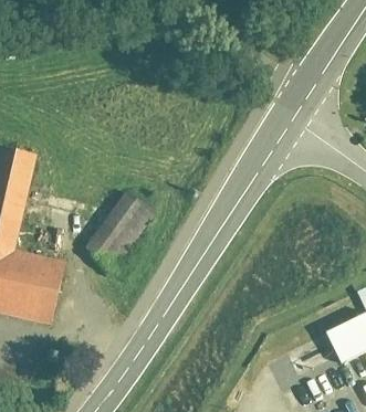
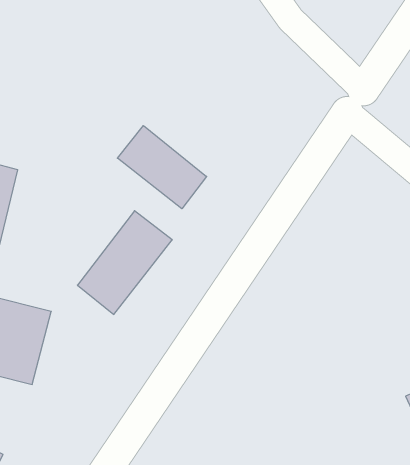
building: none -> [117,126,207,209]

